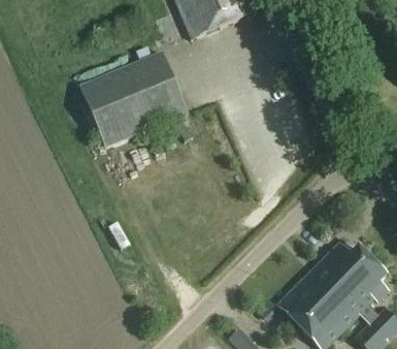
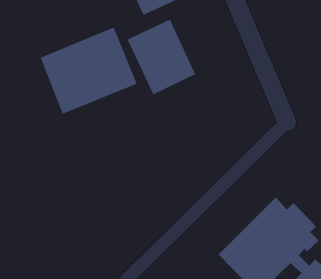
building: none -> [127,19,196,95]

